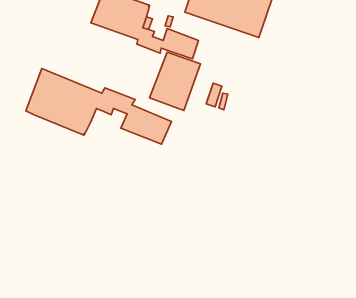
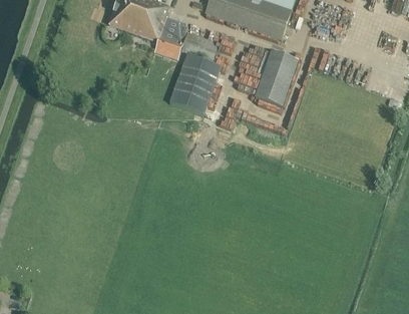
building: none -> [254,51,297,107]
building: [26,69,172,144] -> none

